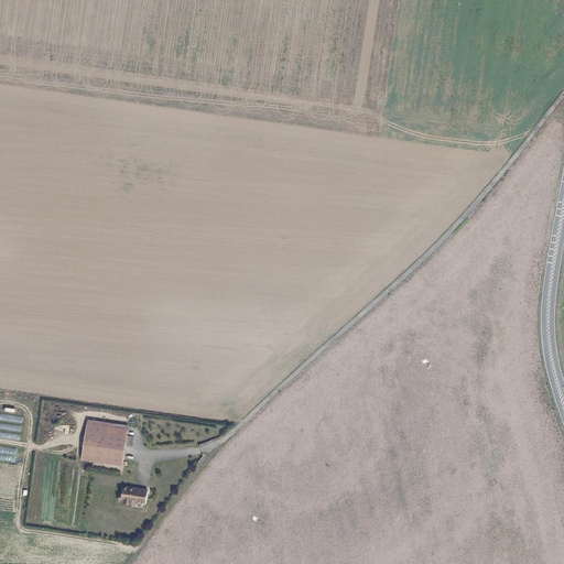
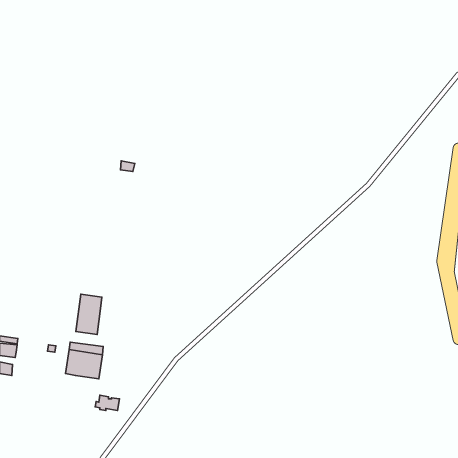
building: none -> [76,294,102,335]

